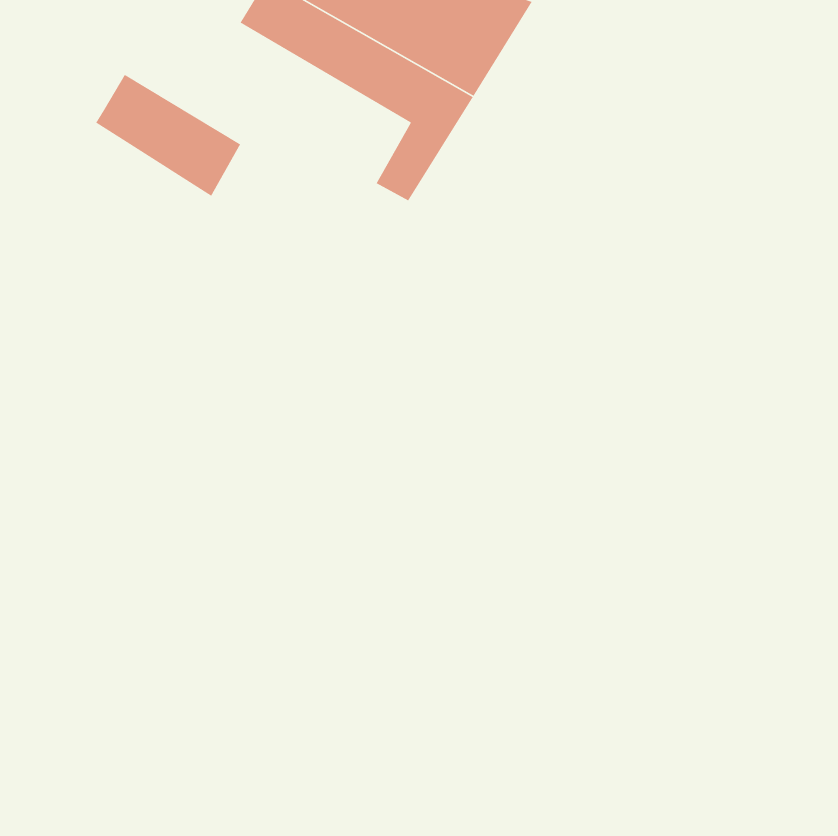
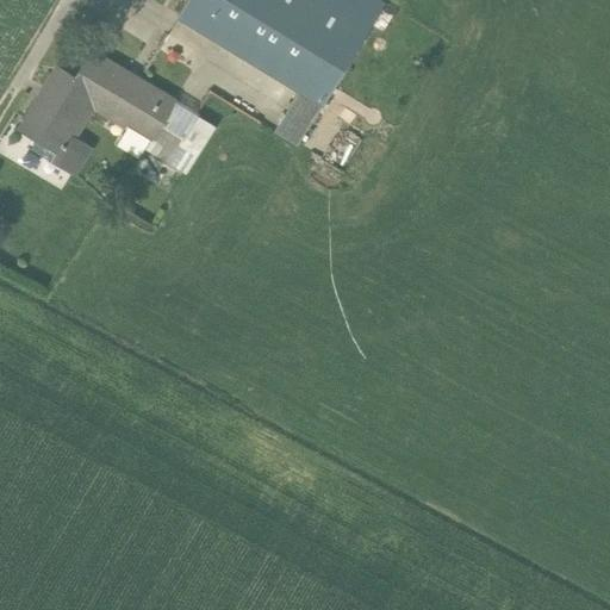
building: none -> [18,67,92,173]
building: none -> [149,105,212,173]

